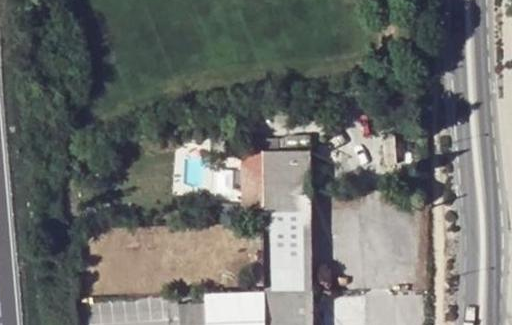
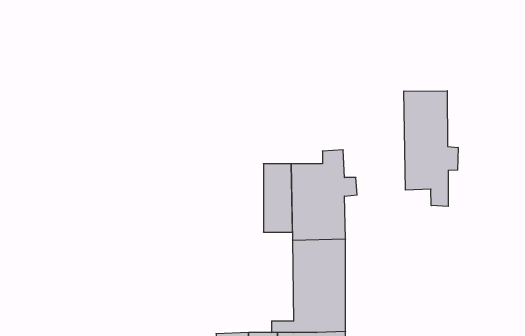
building: none -> [404,91,458,206]

